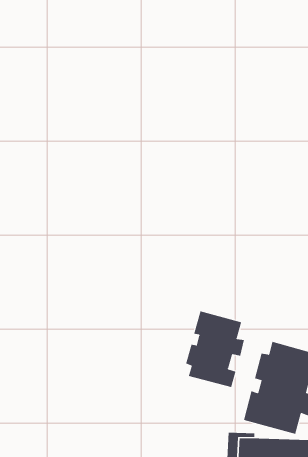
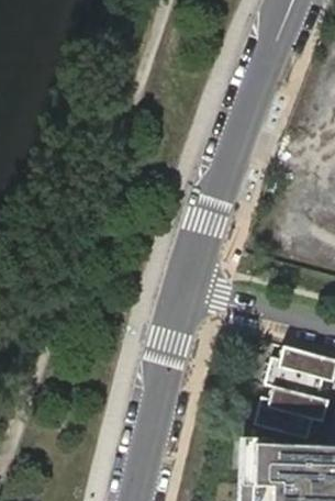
building: [185,311,244,388] -> none

